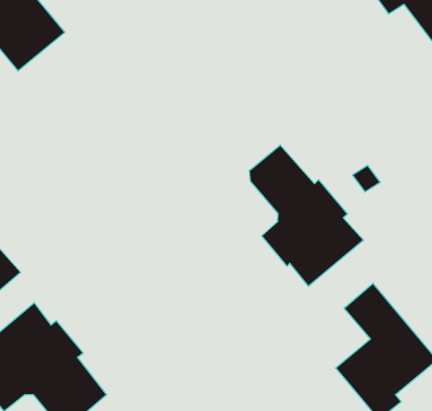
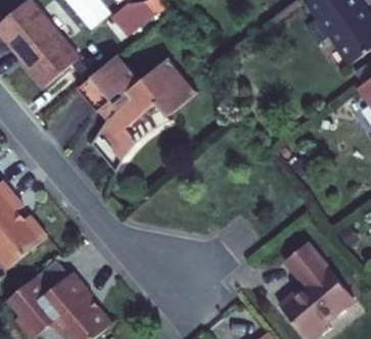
building: none -> [77,54,198,159]
building: [249,145,364,286] -> none

